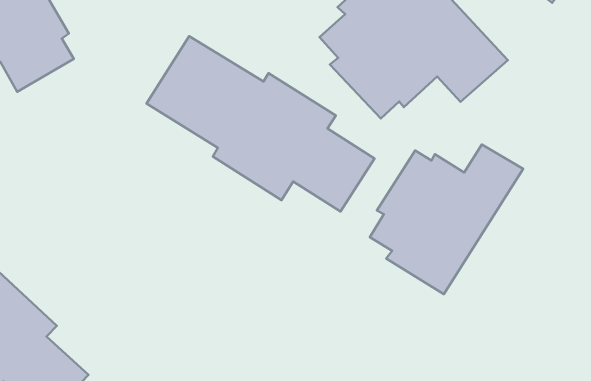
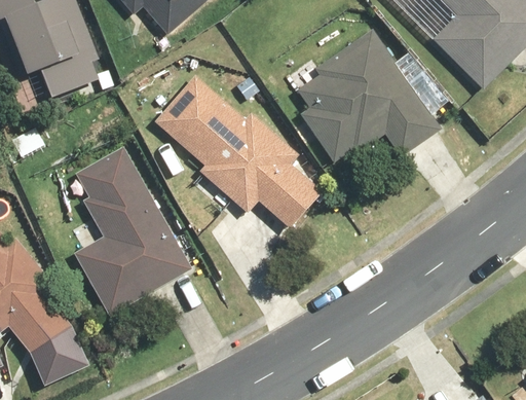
building: none -> [73,147,193,316]
building: [370,144,523,294] -> none

